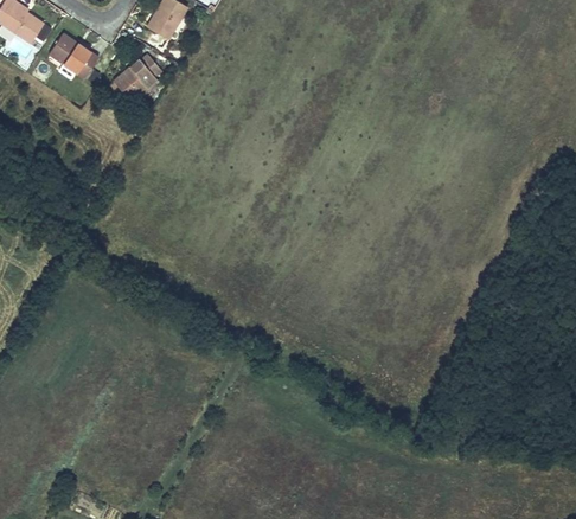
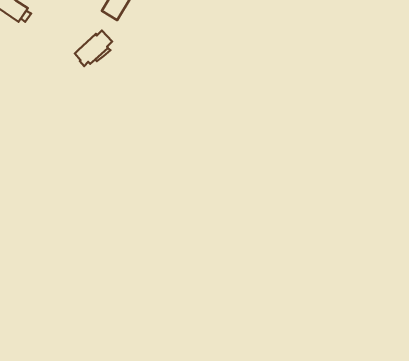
building: [50,33,98,77] -> none

